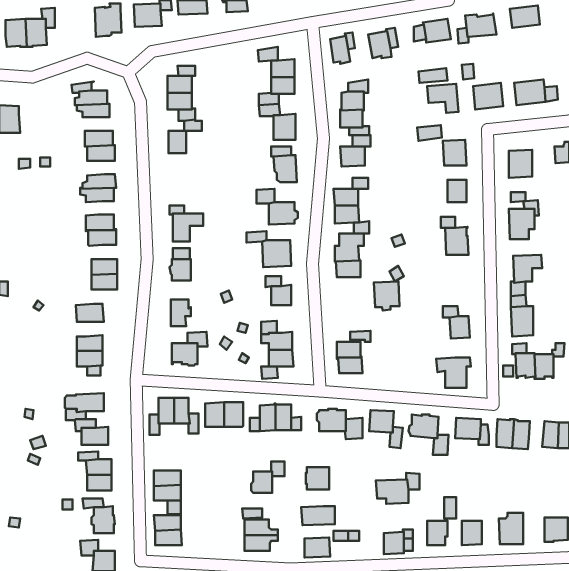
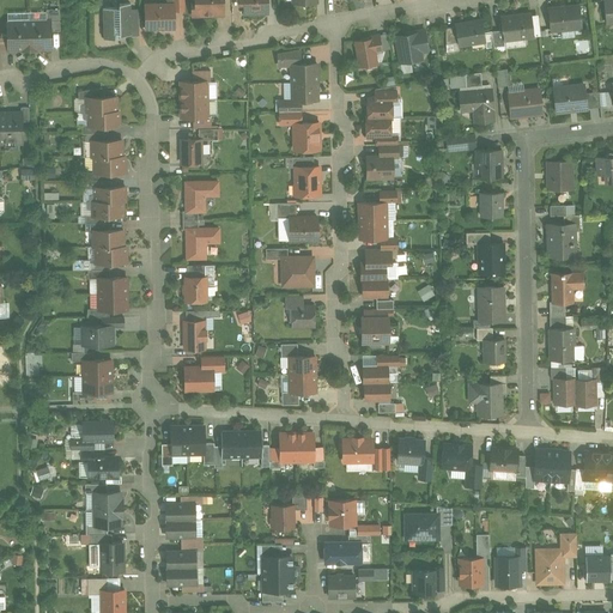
building: none -> [184,182,217,212]
building: none -> [478,287,503,321]
building: [374,281,400,310] -> [360,316,388,347]

